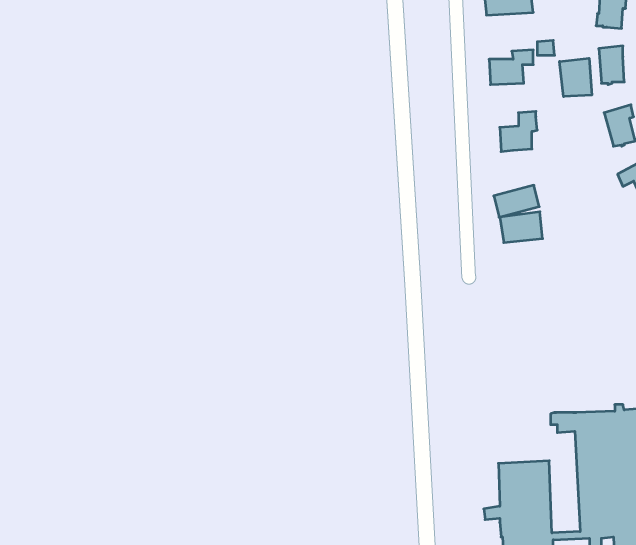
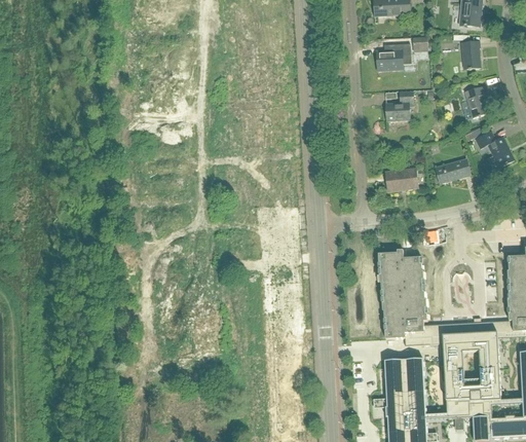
building: [560,58,592,97] -> none
building: [494,185,539,217] -> [436,158,471,183]
building: none -> [377,243,427,349]

